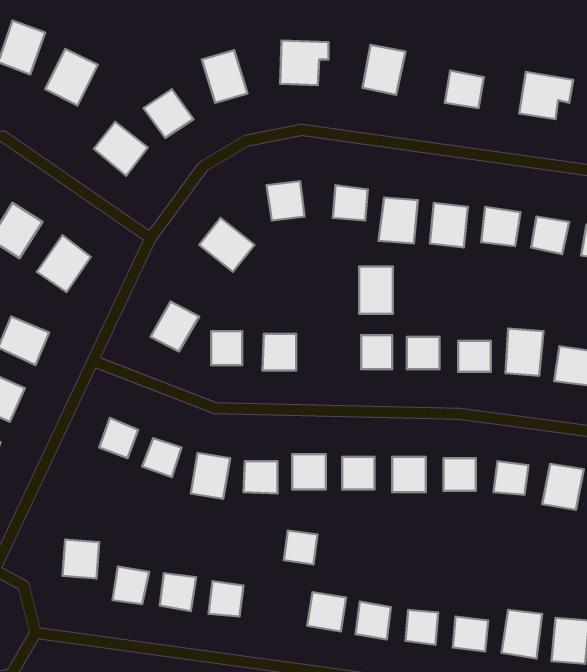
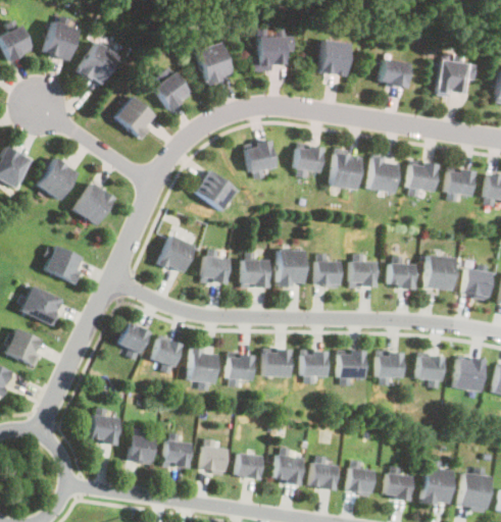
building: [359,266,393,314] -> [280,250,305,285]
building: [284,531,318,564] -> [239,453,264,478]

